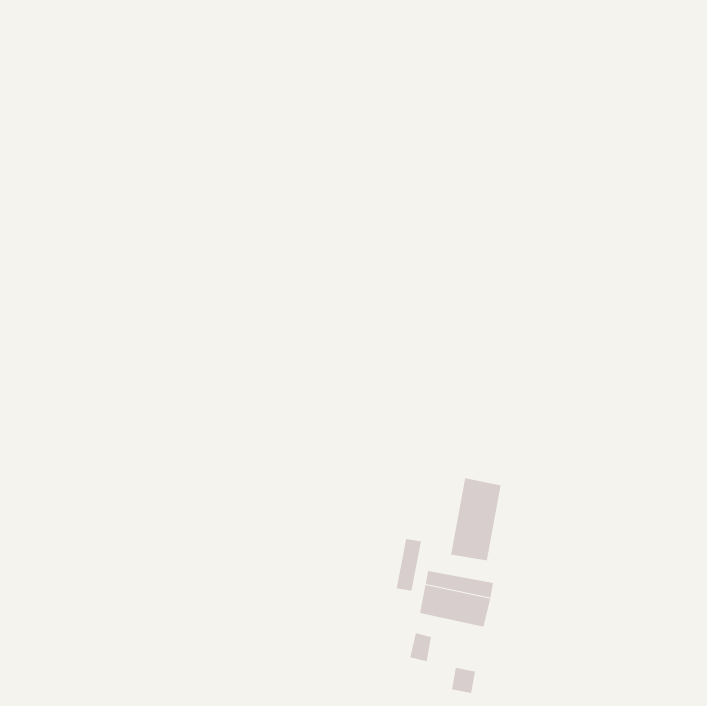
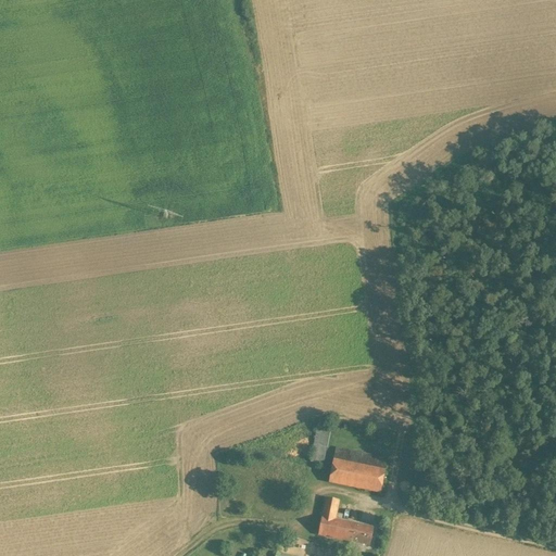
building: [450,477,501,561] -> none
building: none -> [318,516,357,541]

